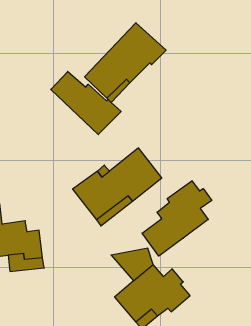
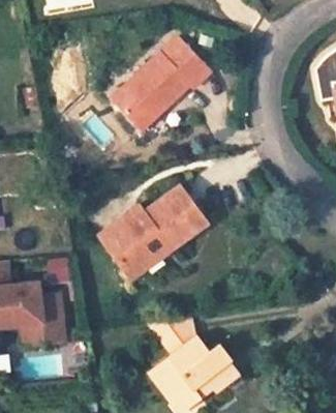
building: [51,71,121,135] -> none
building: [142,181,212,256] -> none

